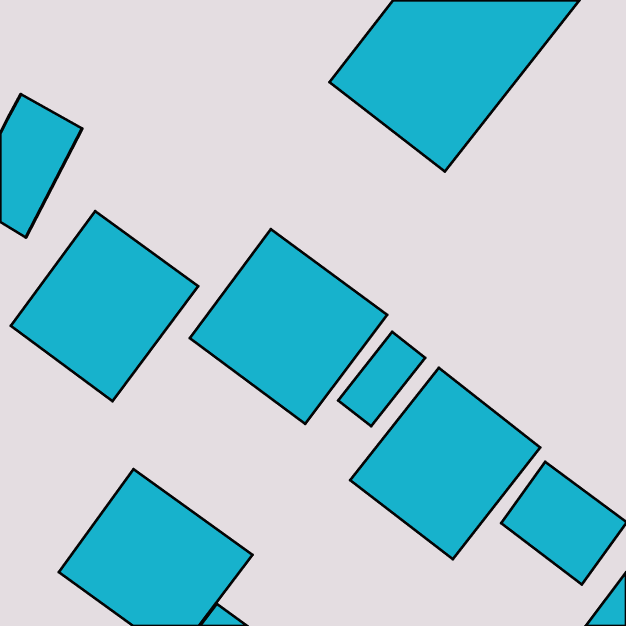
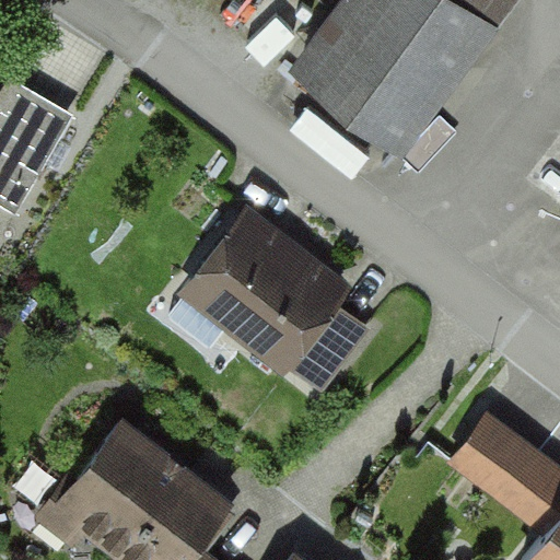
building: [11,211,198,401] -> none
building: [350,368,540,559] -> none

